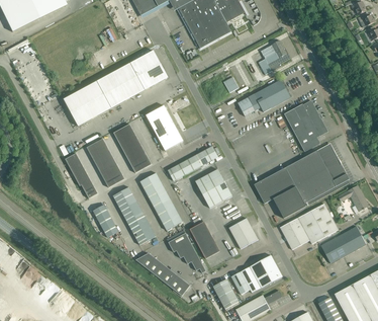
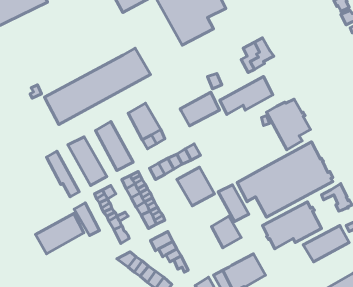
building: none -> [180,92,220,126]
building: none -> [35,214,84,254]
building: [190,221,220,257] -> [218,185,249,221]

